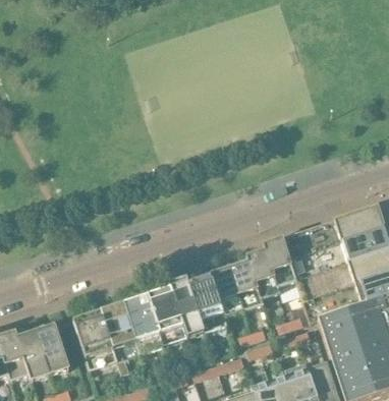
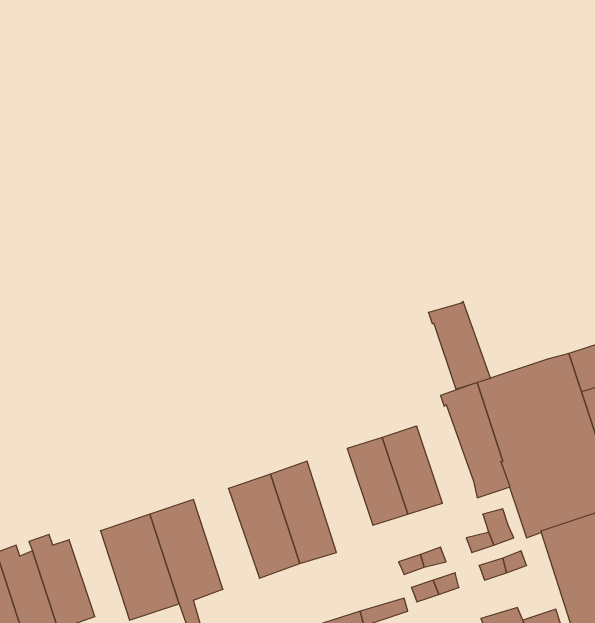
building: [248,248,283,297] -> [428,301,491,389]
building: [190,273,229,331] -> none
building: [127,295,164,351] -> none

